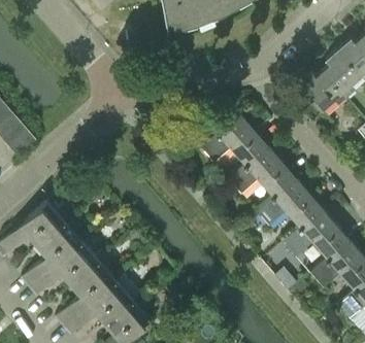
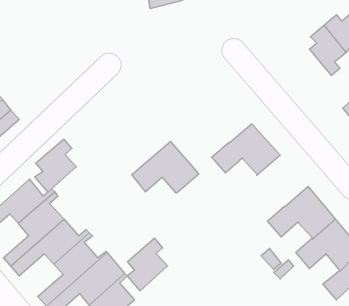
building: [297,73,344,110] -> none
building: [200,114,266,165] -> [132,141,199,193]
building: none -> [35,139,76,192]
building: [255,177,322,228] -> none
building: none -> [127,238,167,291]

